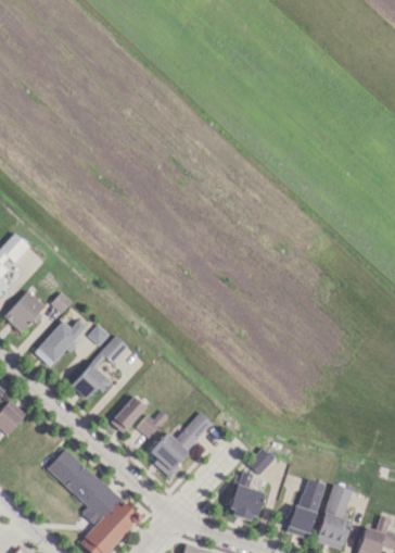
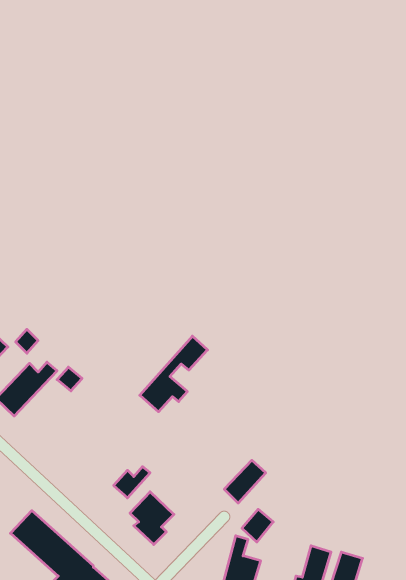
building: [69,335,128,400] -> [140,336,208,412]
building: [111,395,145,433] -> none
building: [176,413,212,450] -> [224,460,266,503]

